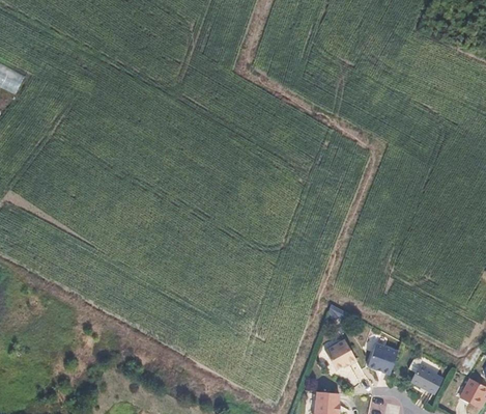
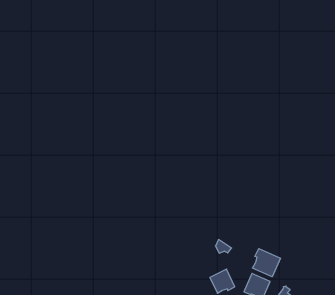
building: none -> [252,249,281,277]

